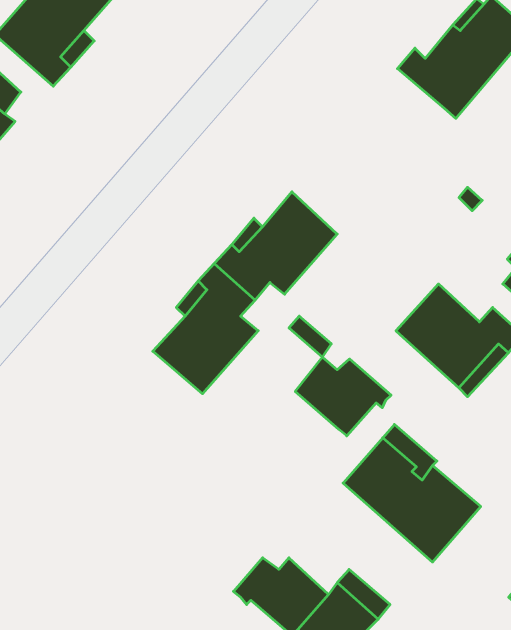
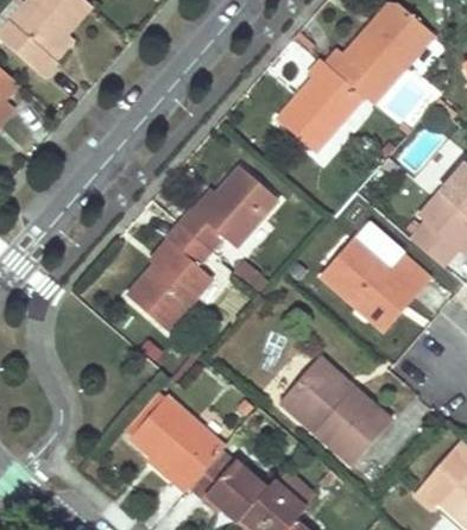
building: none -> [277,59,362,151]
building: [295,357,391,436] -> none
building: none -> [132,398,226,494]

